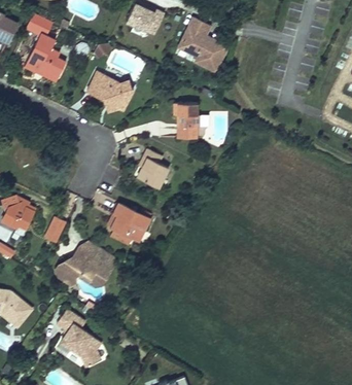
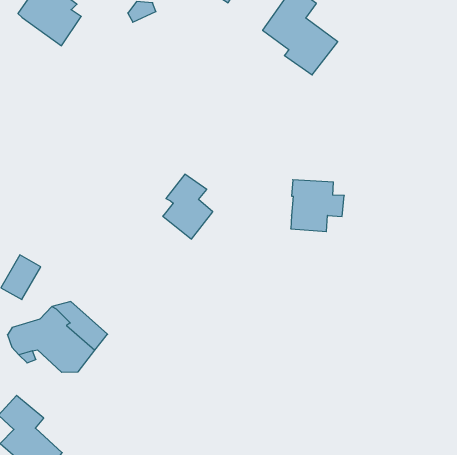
building: [86,71,135,113] -> none
building: [172,103,207,137] -> [291,180,344,232]
building: [107,203,149,240] -> none

